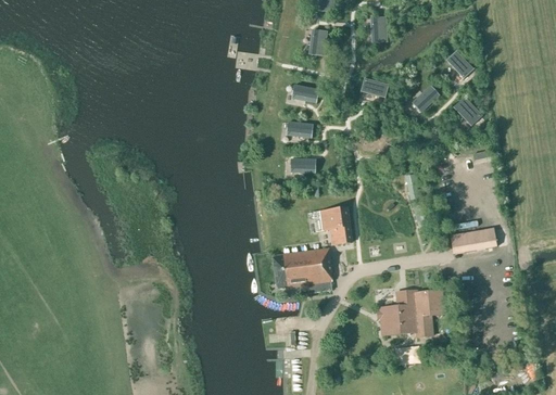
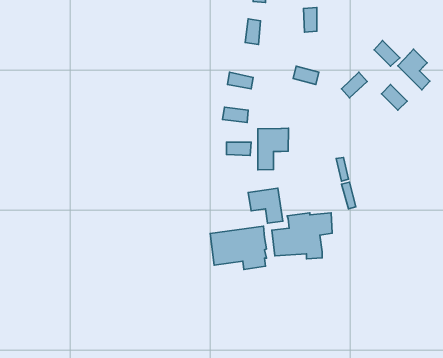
building: none -> [398,49,430,90]
building: none -> [258,128,288,170]
building: [450,228,496,254] -> none
building: [378,289,442,337] -> [272,213,332,259]

